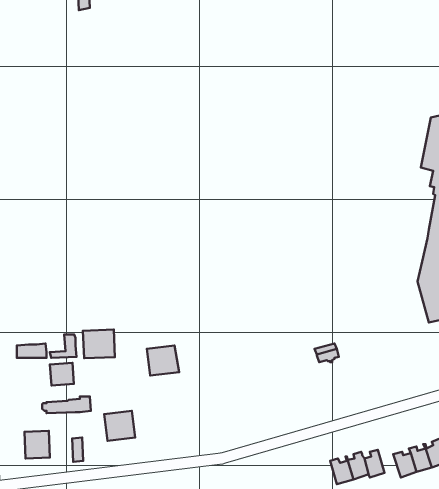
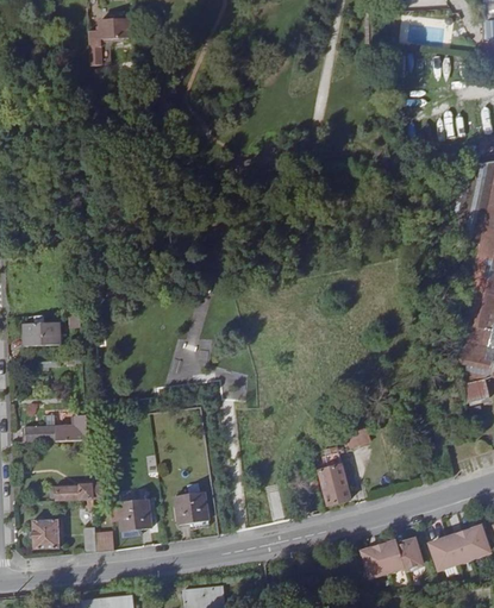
building: none -> [27,321,61,344]
building: [83,329,115,358] -> none
building: [147,346,179,375] -> [175,489,210,521]
building: [50,363,74,385] -> none
building: none -> [319,451,351,503]

